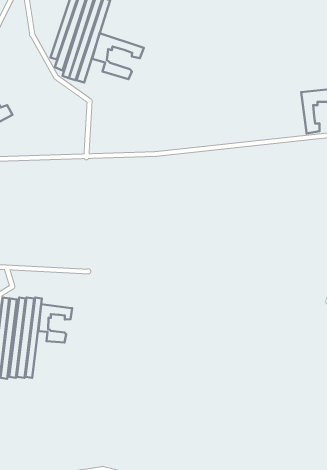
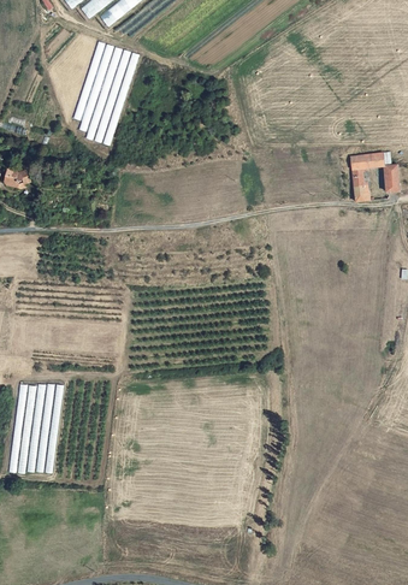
building: [92,33,144,79] -> none
building: [38,304,72,343] -> none

